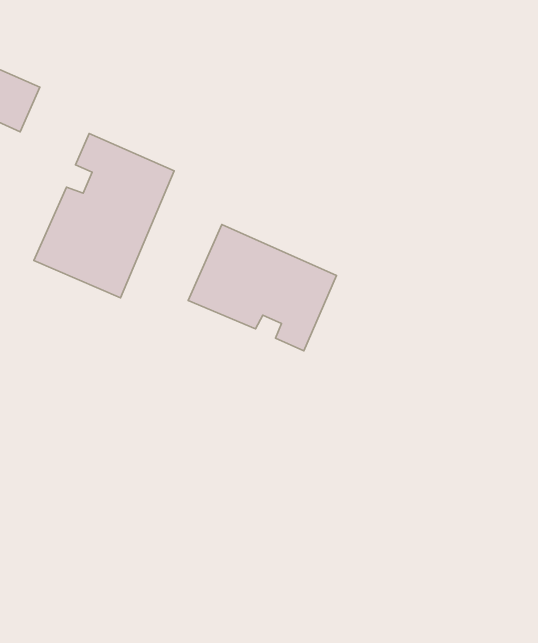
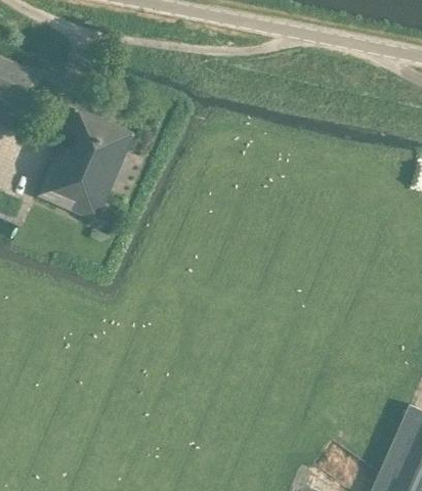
building: [188,224,336,351] -> none

